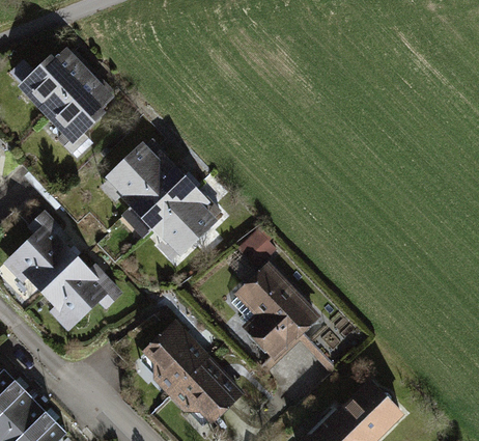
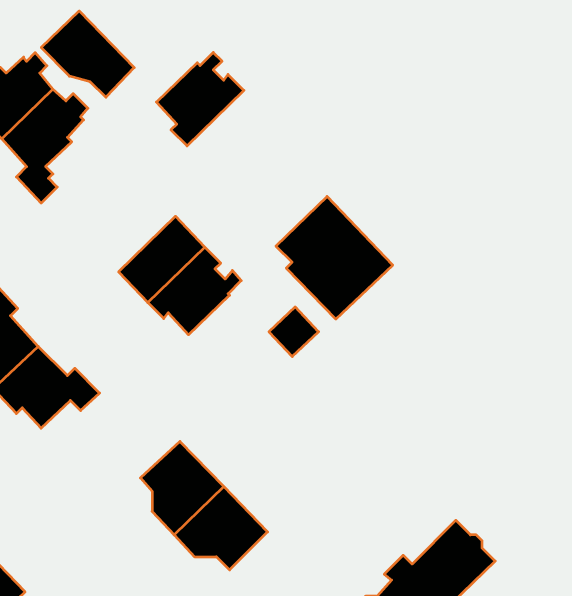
building: none -> [41,11,134,97]
building: [110,140,172,206] -> [156,52,244,146]
building: [231,268,314,355] -> [276,196,393,319]

